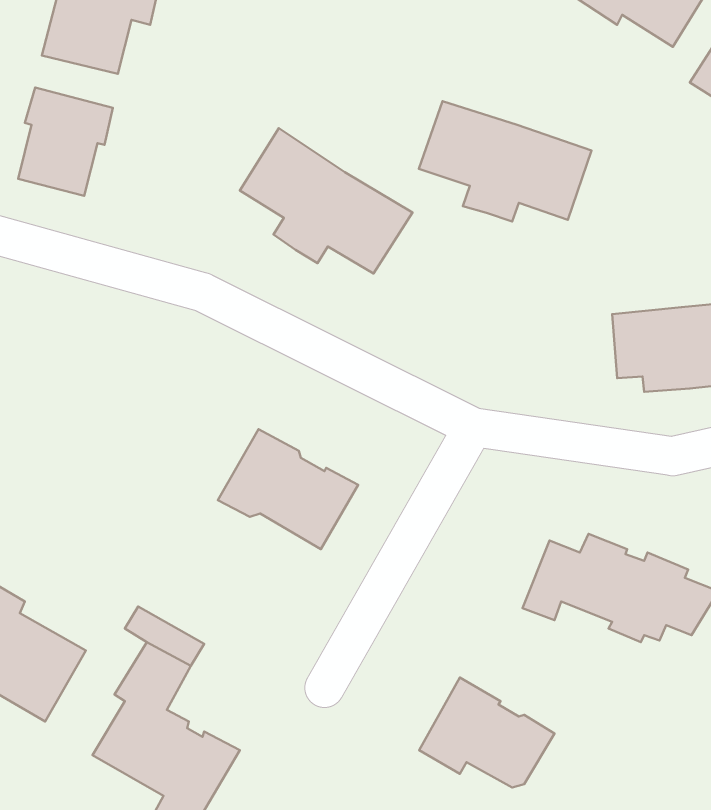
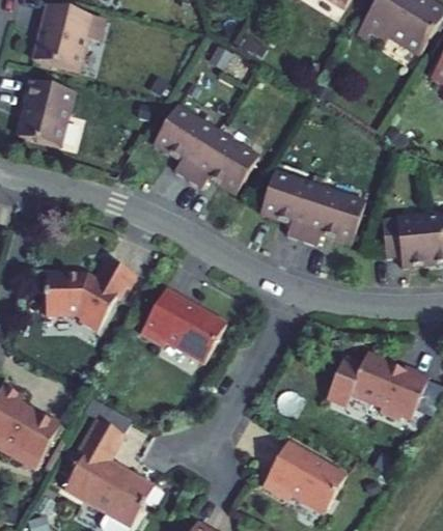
building: [419,101,592,221] -> [259,170,365,244]
building: none -> [45,258,136,330]

